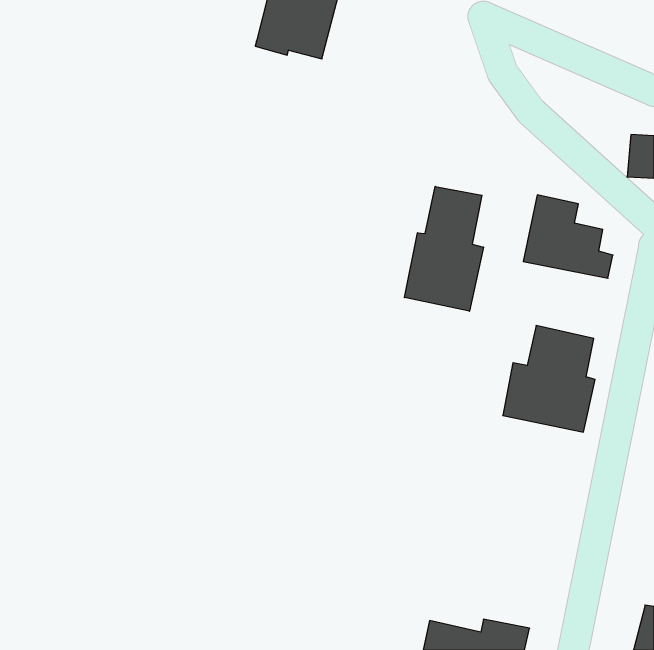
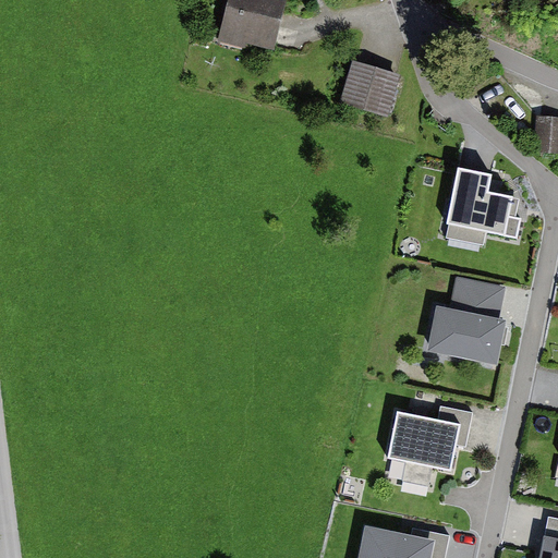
building: none -> [339,61,400,118]
building: [404,186,483,311] -> none
building: none -> [387,403,472,474]

